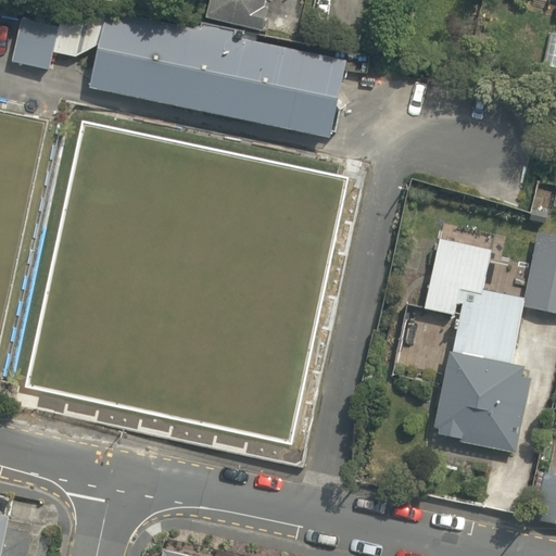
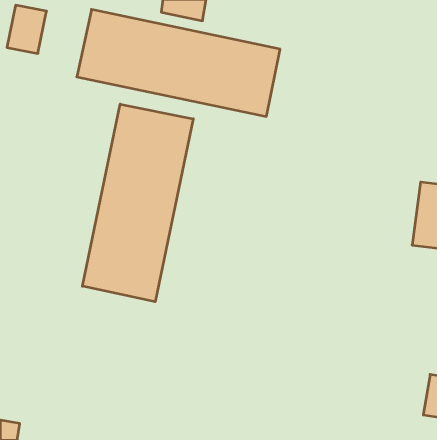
building: none -> [82,104,193,302]
building: [420,236,529,446] -> none

